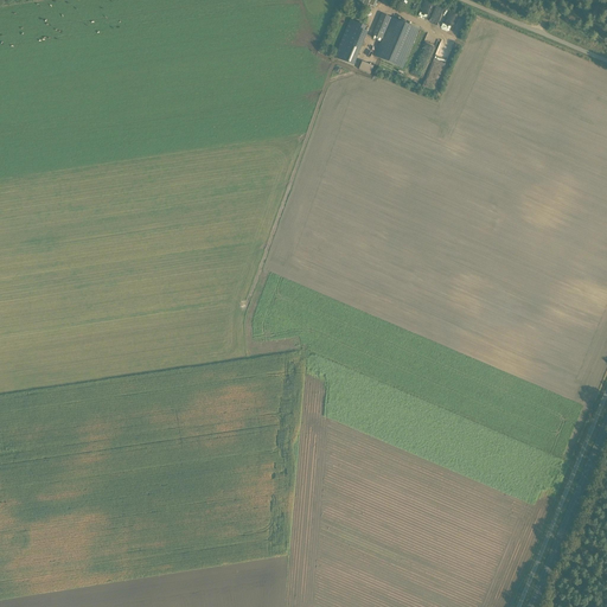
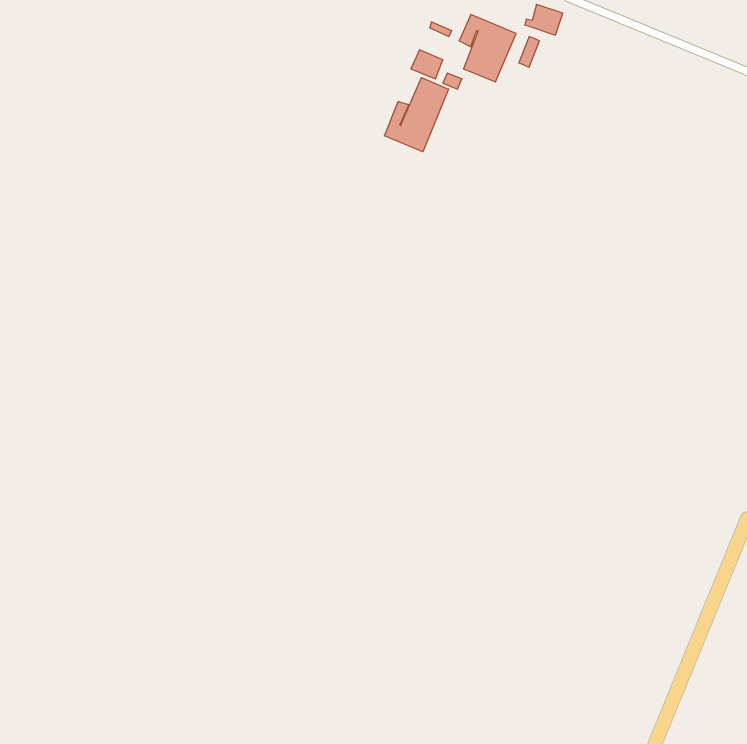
building: none -> [385,78,449,152]

